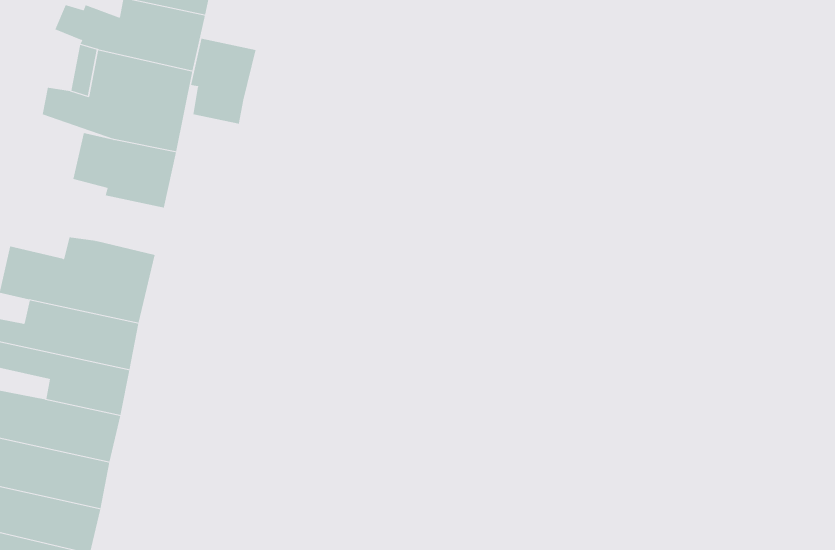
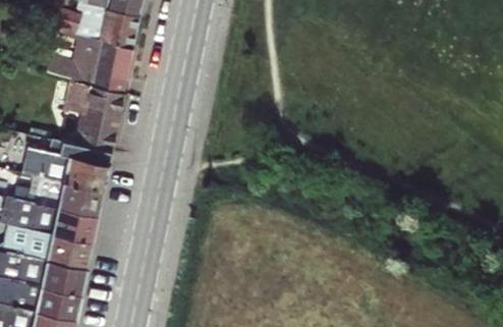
building: [190,38,256,125] -> none
building: none -> [76,117,115,151]

